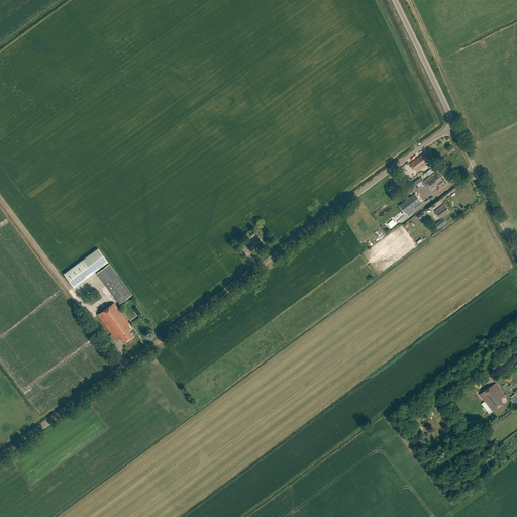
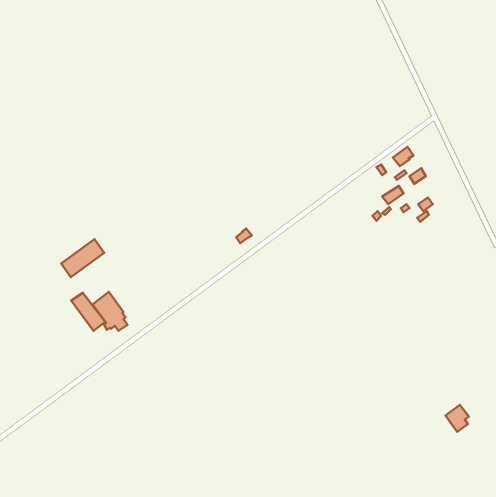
building: [96,265,131,304] -> [71,293,105,331]
building: [480,384,504,412] -> [445,405,469,432]

